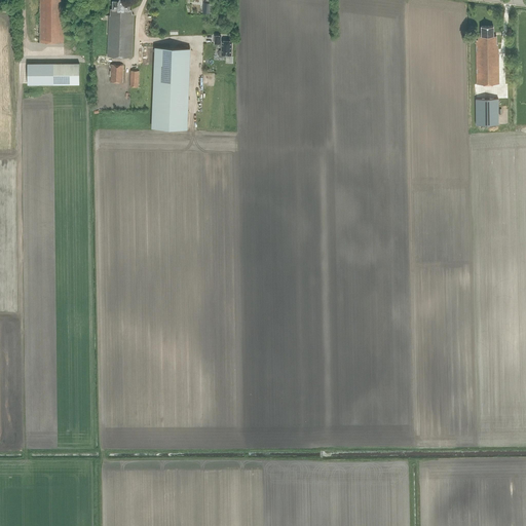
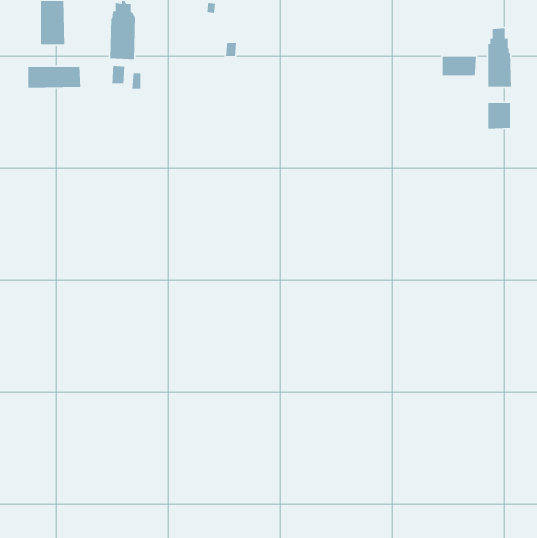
building: [150,47,189,128] -> none
building: none -> [442,56,477,76]

